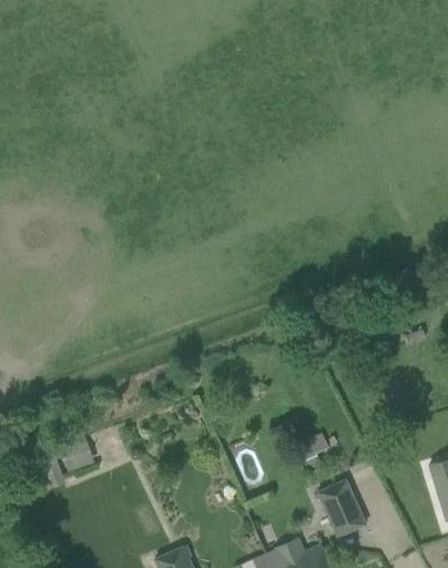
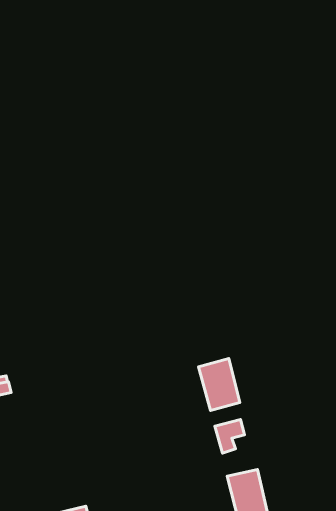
building: none -> [198,358,240,410]

